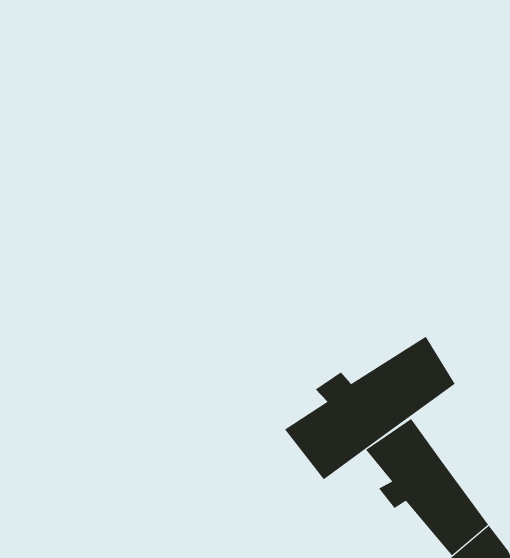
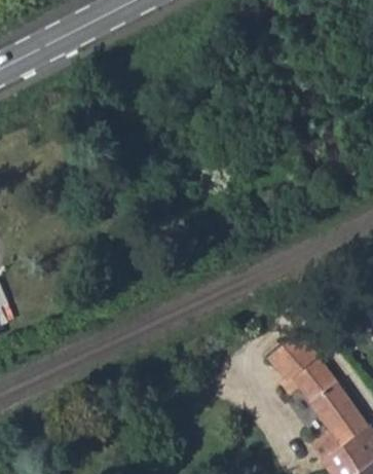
building: [284,336,456,480] -> none

